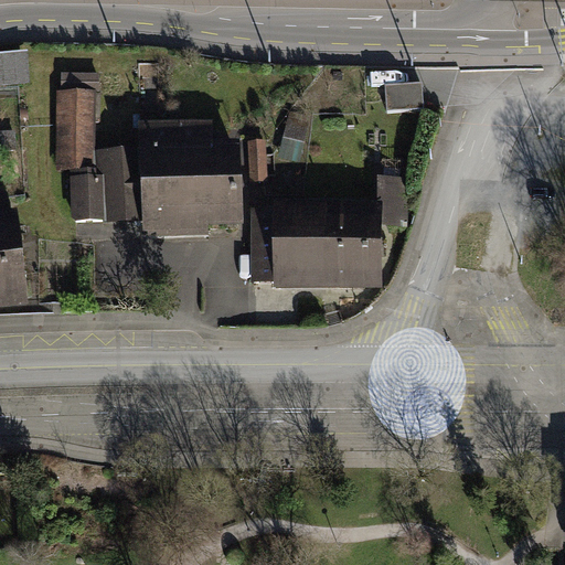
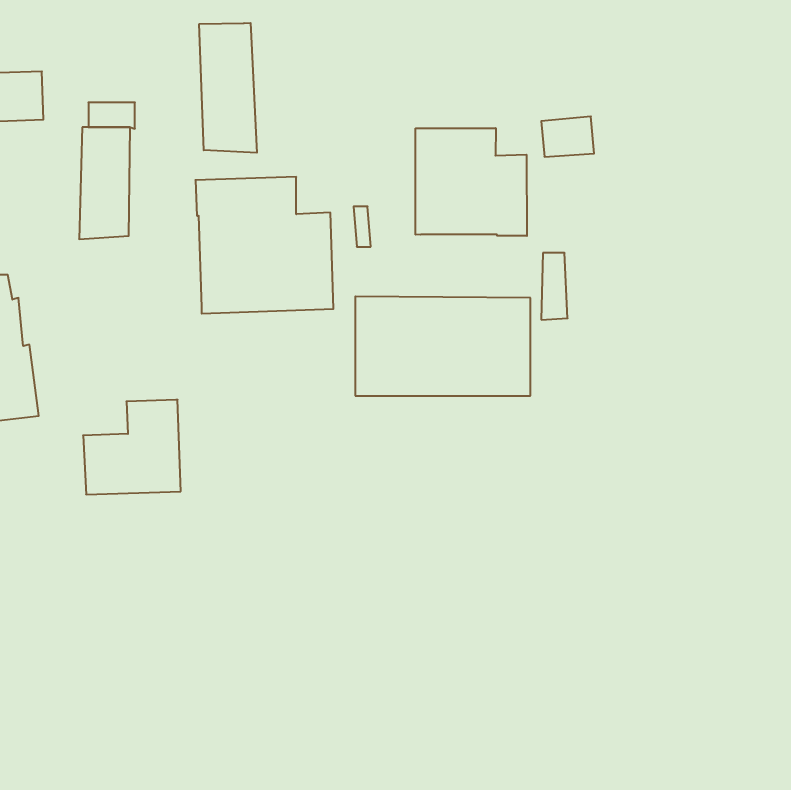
building: none -> [199,23,257,153]
building: none -> [416,128,527,236]
building: [74,153,143,221] -> [83,400,181,494]

